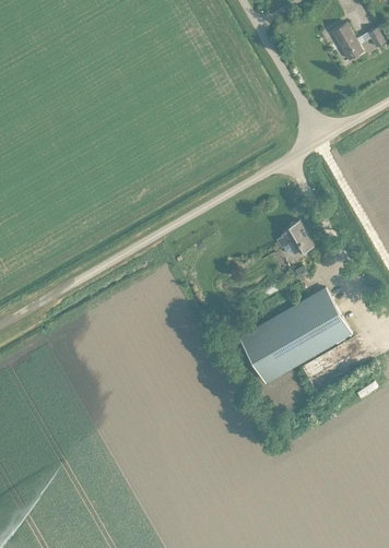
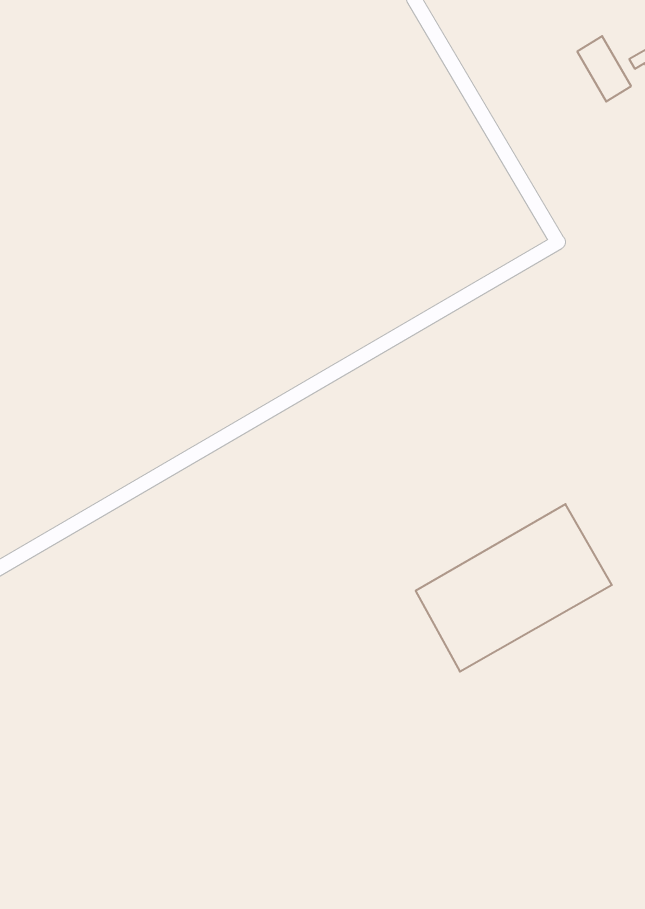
building: [275,221,313,253] -> none

